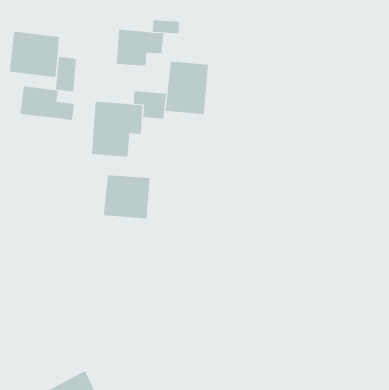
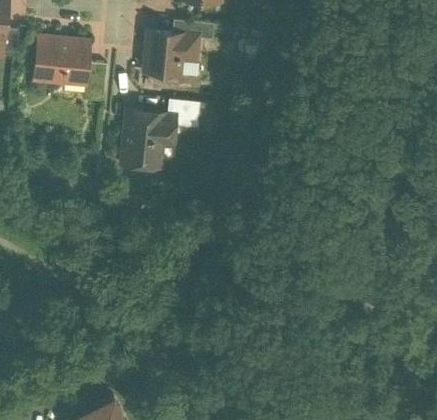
building: [165,61,209,115] -> none
building: [20,86,74,121] -> none
building: [103,175,150,219] -> none

